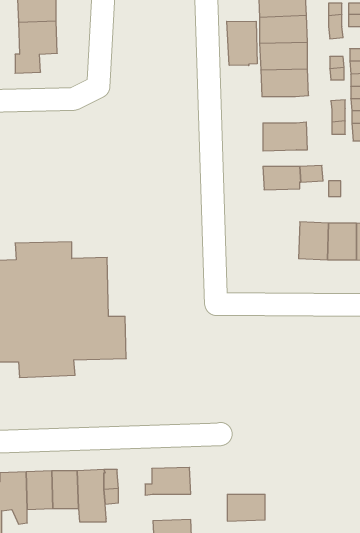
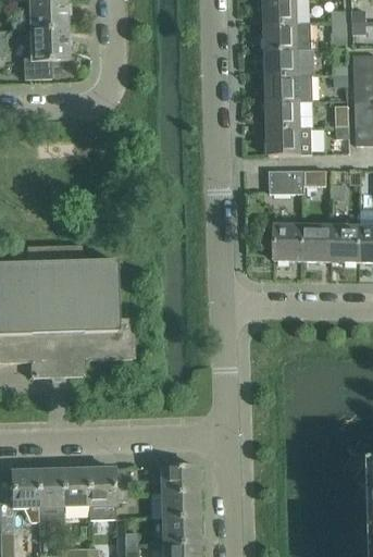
building: [227,21,257,66] -> none
building: none -> [266,101,300,127]
building: none -> [273,224,303,260]
building: [227,494,265,521] -> [160,491,197,517]

